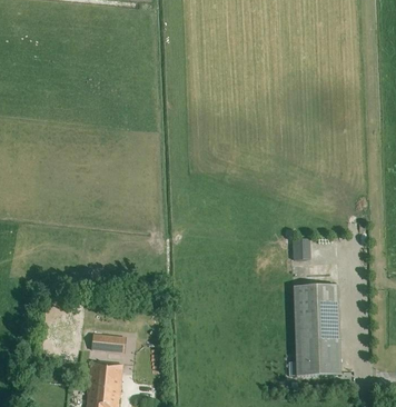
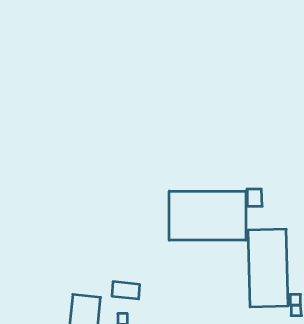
building: none -> [169,191,246,240]
building: [92,334,125,354] -> [112,282,140,299]

